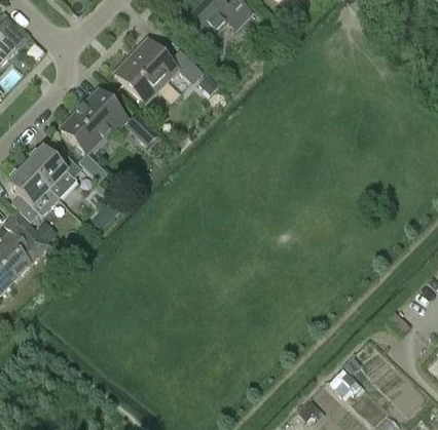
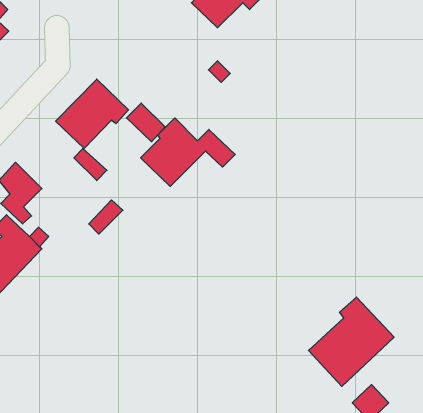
building: [118,39,204,101] -> [141,118,235,186]
building: [25,148,81,198] -> none
building: none -> [308,297,394,386]

